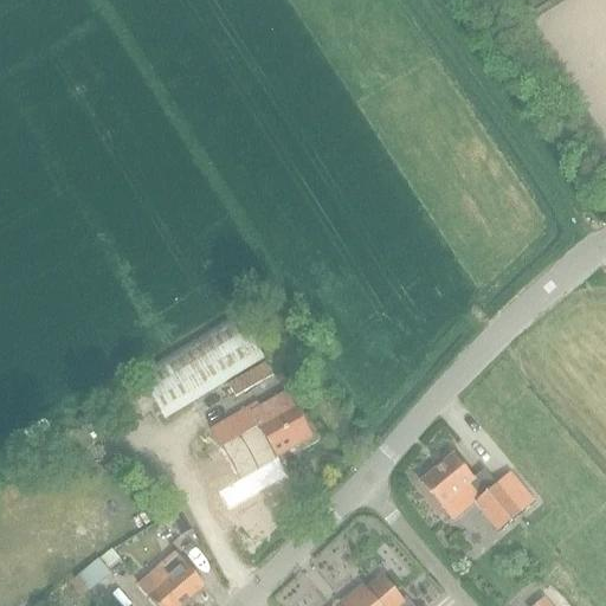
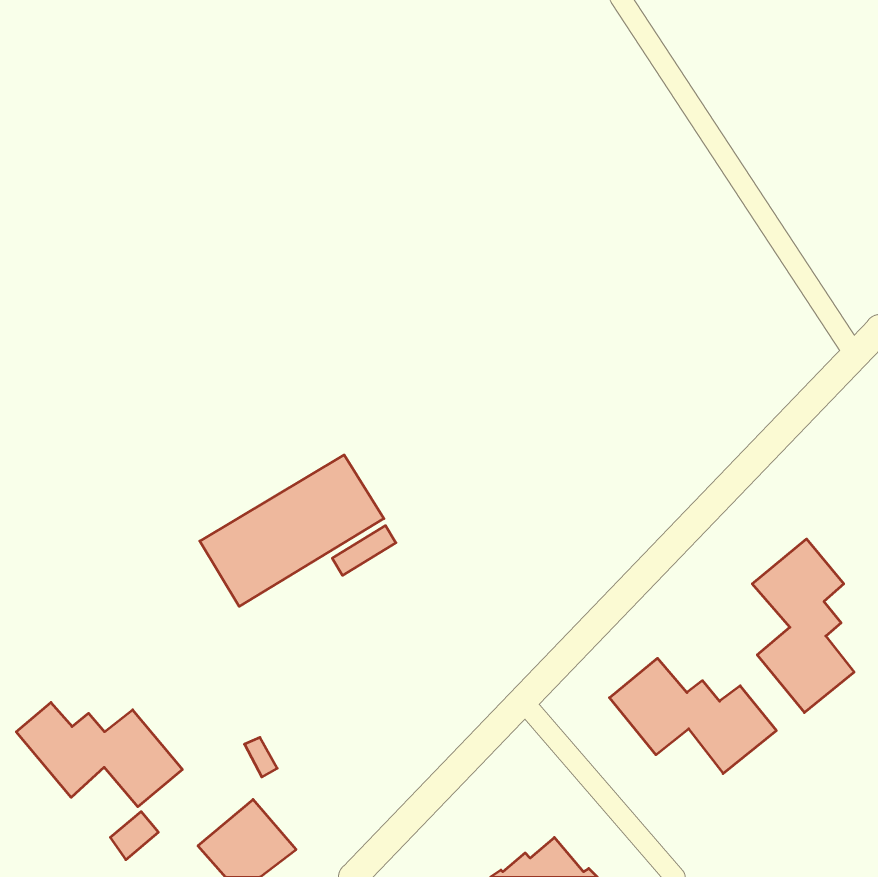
building: none -> [752,539,854,713]
building: [209,391,312,508] -> none
building: none -> [16,702,182,807]

